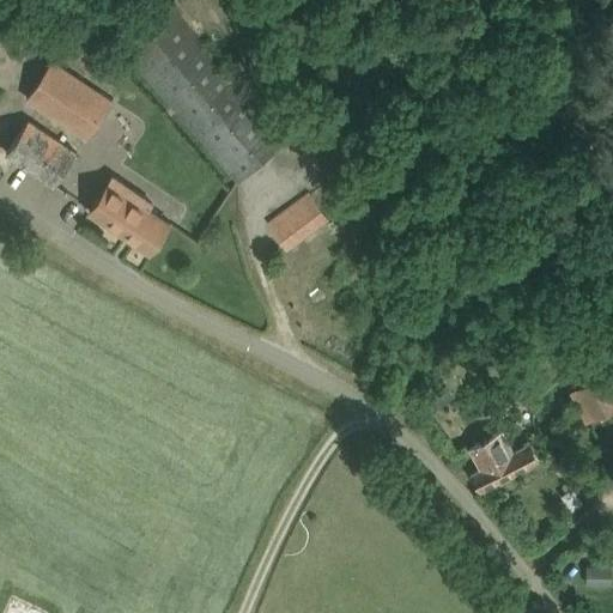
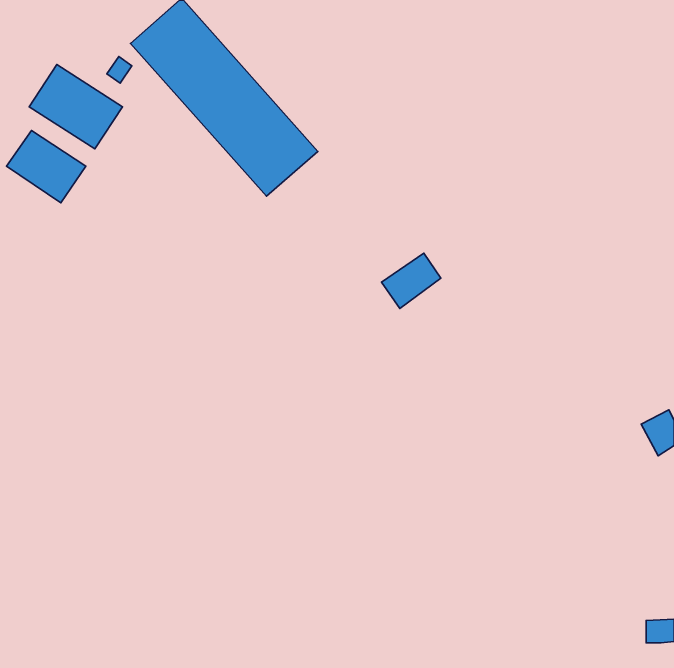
building: [90,180,171,256] -> none
building: [271,200,324,250] -> [382,253,441,309]
building: [469,433,540,493] -> none

